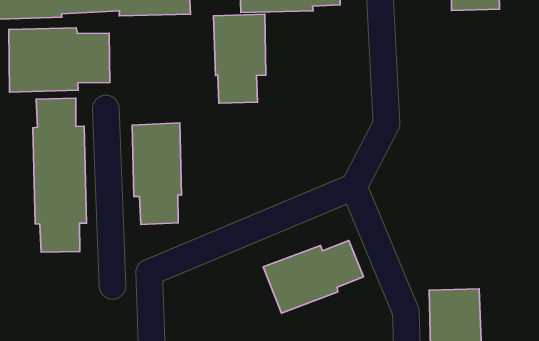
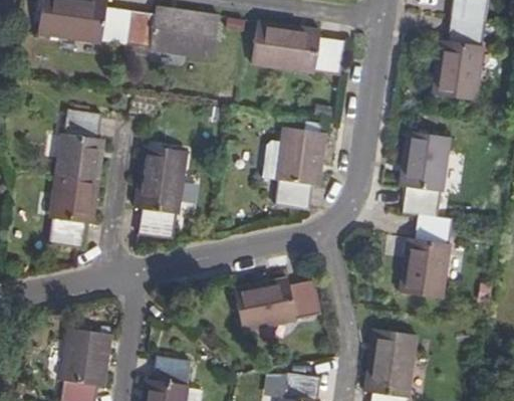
building: [213,14,266,103] -> [275,129,327,209]
building: [9,28,110,92] -> none
building: none -> [401,133,453,296]

